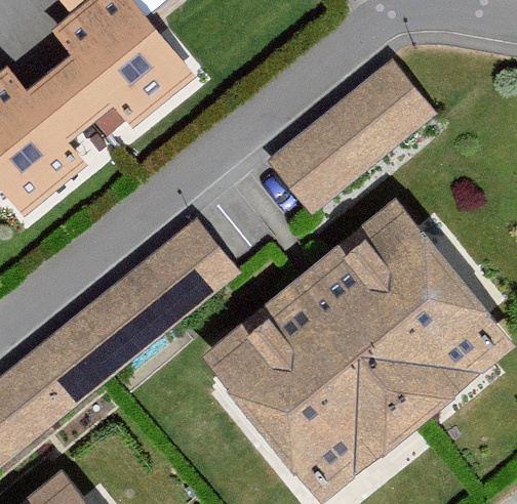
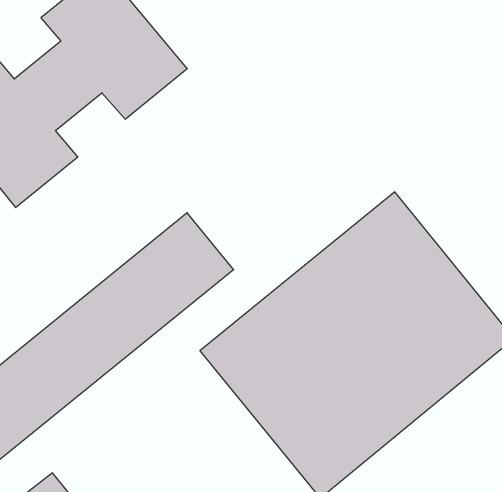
building: [267,61,433,214] -> none

